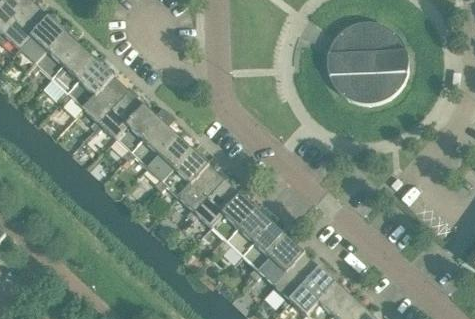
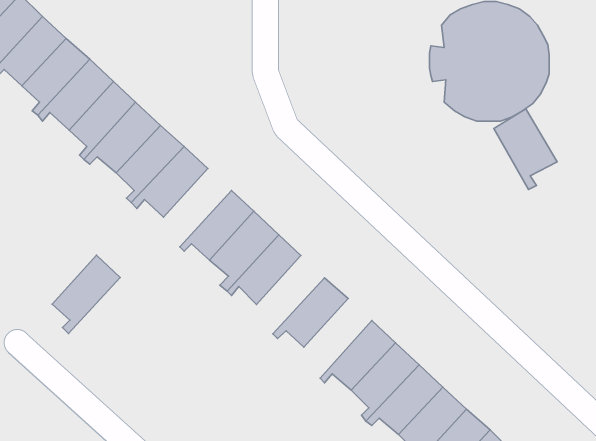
building: none -> [494,109,557,189]
building: [147,133,193,186] -> [52,255,120,334]
building: [210,192,256,245] -> none
building: [242,221,288,275] -> none

